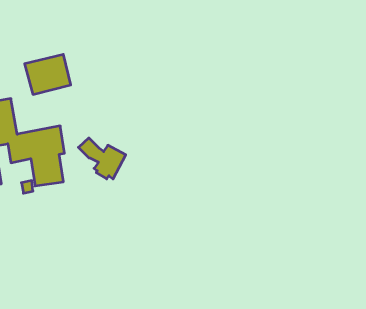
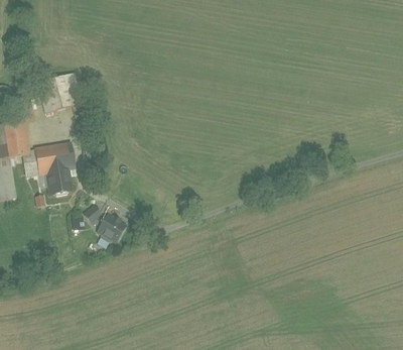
building: [78,138,126,179] -> [82,203,127,242]

